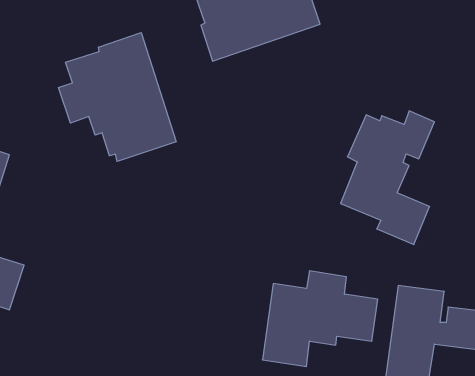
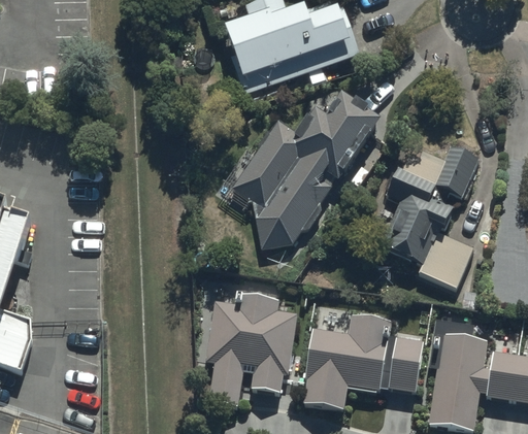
building: [59,33,176,161] -> none
building: none -> [232,87,381,246]
building: none -> [207,294,294,410]

